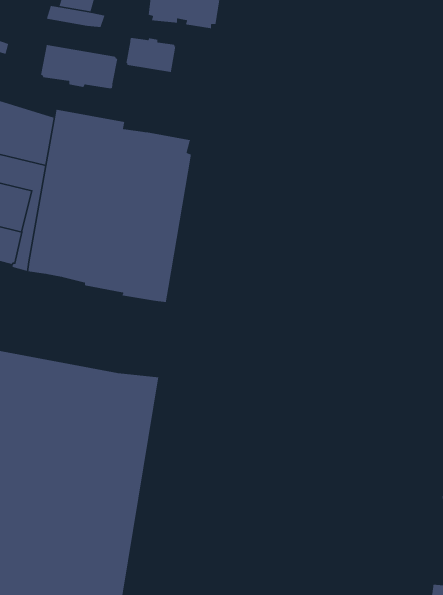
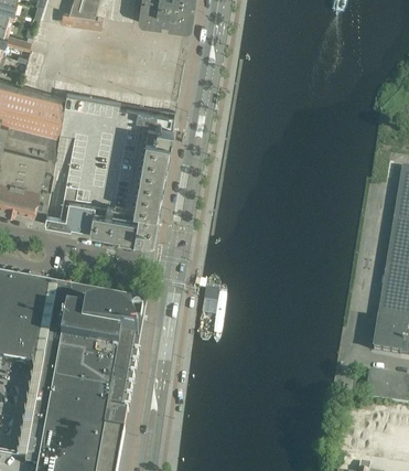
building: [125,37,176,73] -> none
building: [40,44,118,89] -> none

